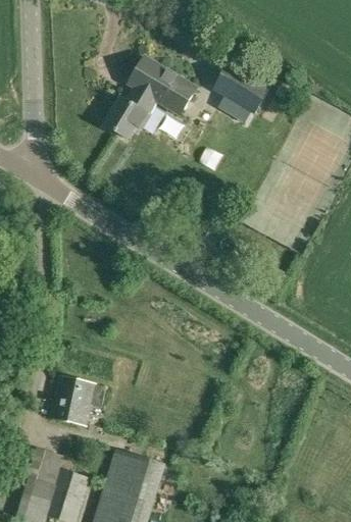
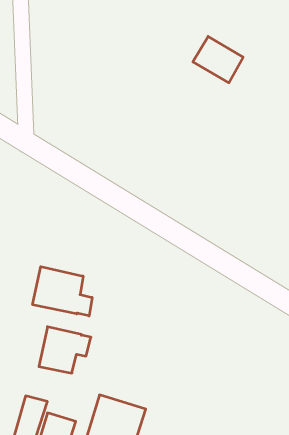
building: [103,60,195,141] -> none
building: none -> [33,267,92,316]

